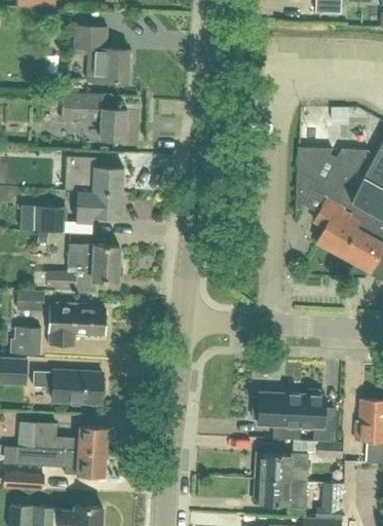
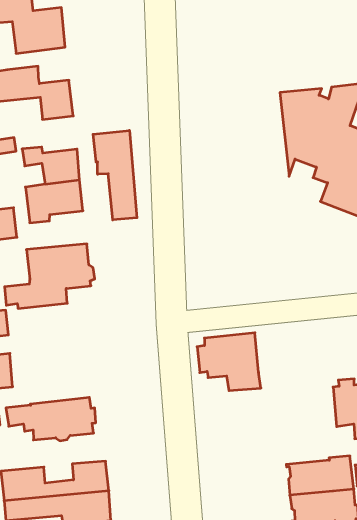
building: none -> [93,130,137,220]
building: [48,302,108,346] -> none
building: [252,391,302,440] -> [197,333,261,391]

